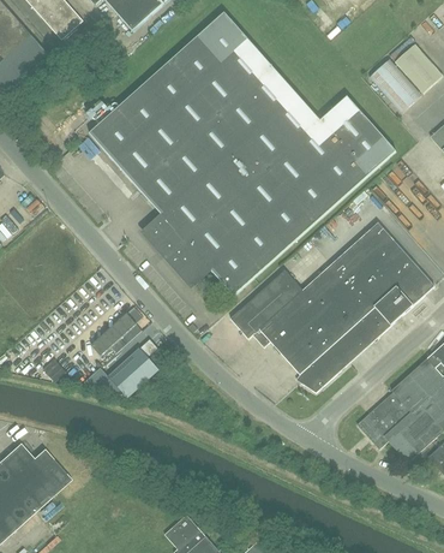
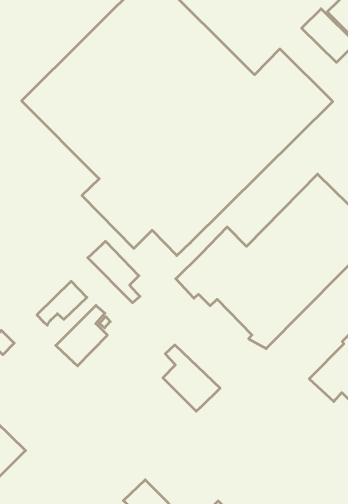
building: none -> [88,241,140,303]
building: none -> [163,345,220,411]

